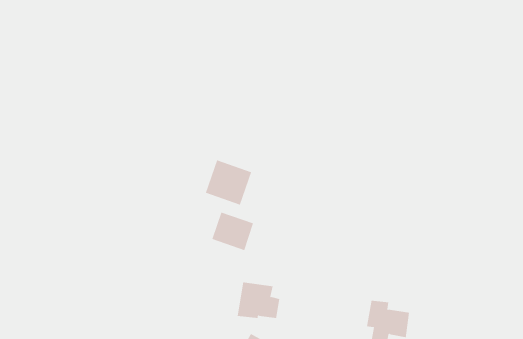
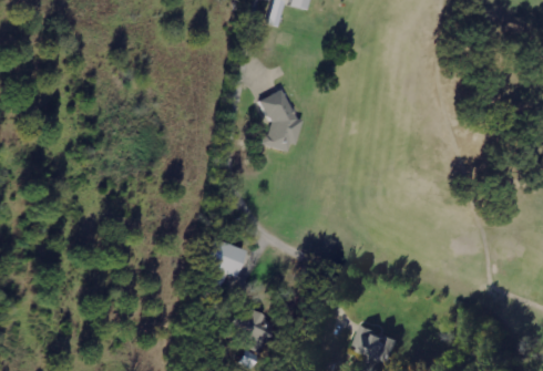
building: none -> [260,93,301,153]
building: [205,159,252,206] -> none

